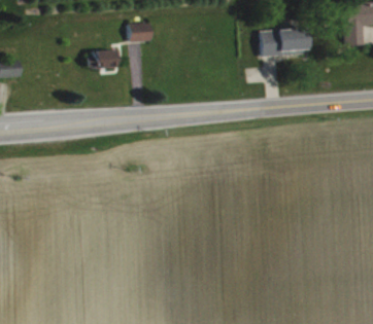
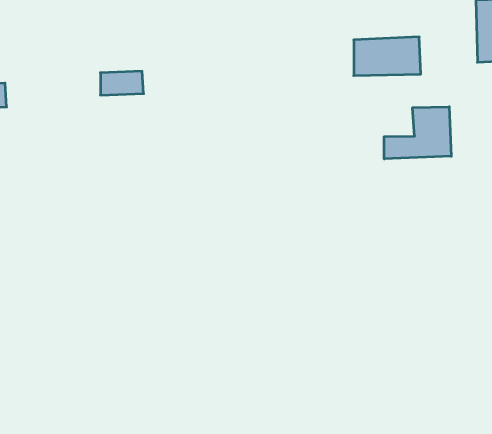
building: [130,23,151,42] -> none
building: none -> [384,107,451,159]

